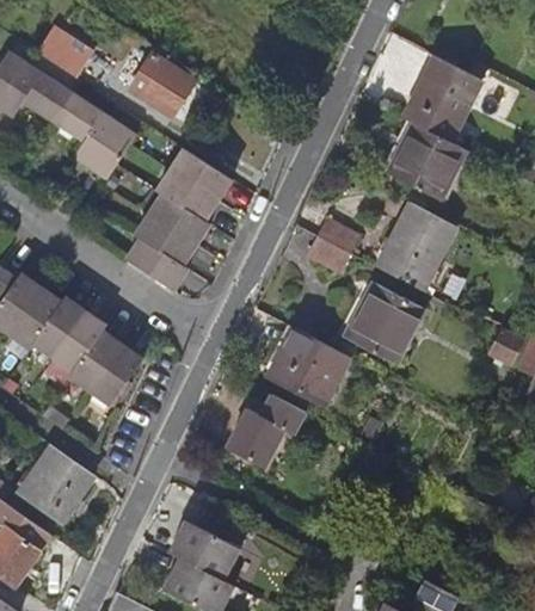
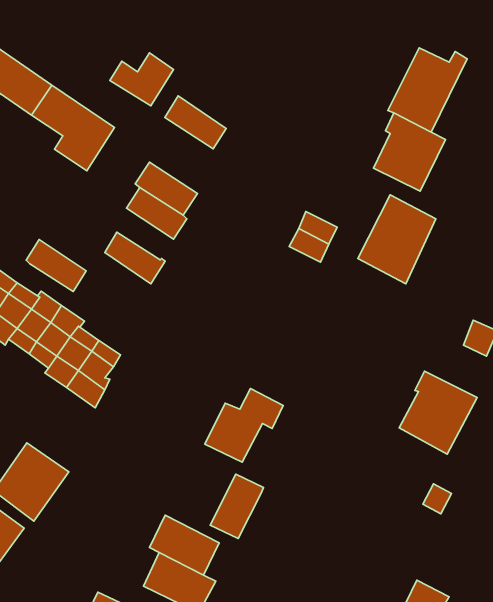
building: [44,27,98,78] -> none
building: [171,148,232,200] -> [165,96,226,149]
building: [135,215,195,266] -> [26,240,86,291]
building: [346,279,424,362] -> [399,371,477,454]
building: [271,326,351,402] -> none
building: none -> [210,474,264,539]

